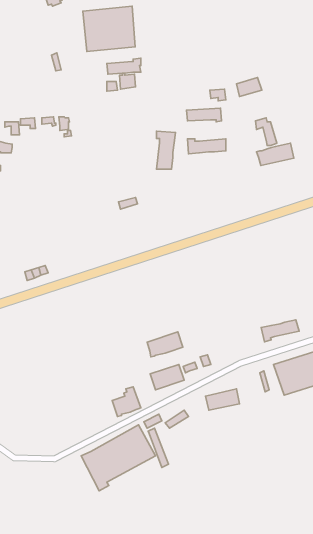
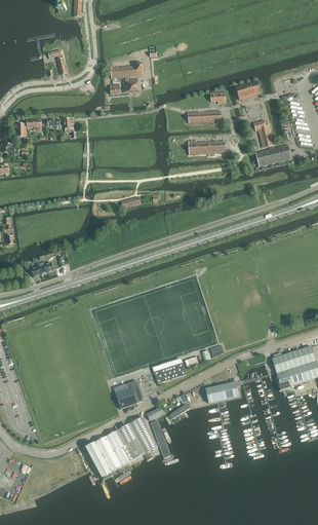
building: [83,6,135,51] -> none
building: [157,131,176,169] -> none
building: [261,320,299,342] -> none
building: [147,332,183,357] -> none

